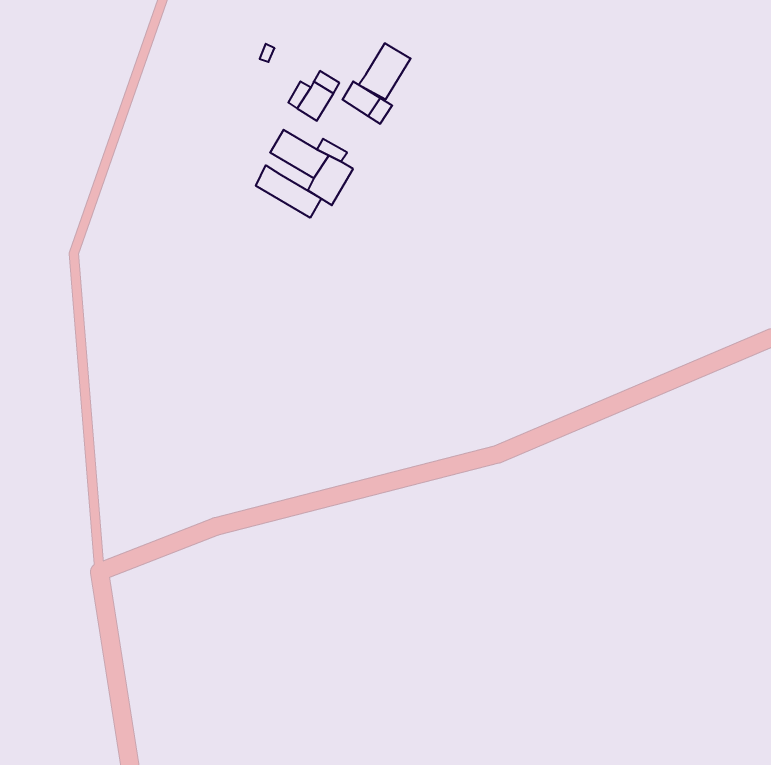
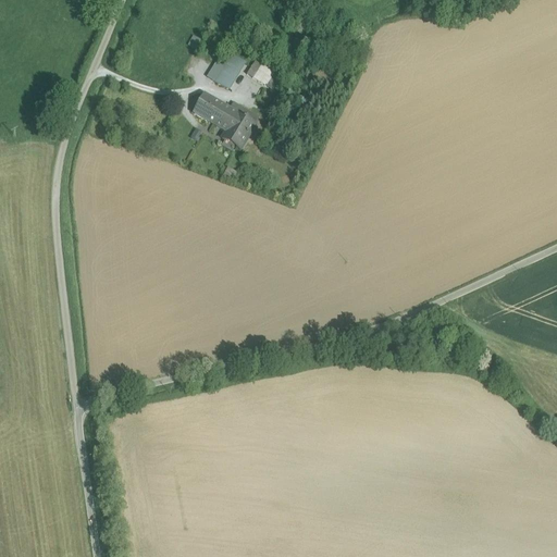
building: [358,43,411,100] -> none
building: [256,165,321,218] -> none

